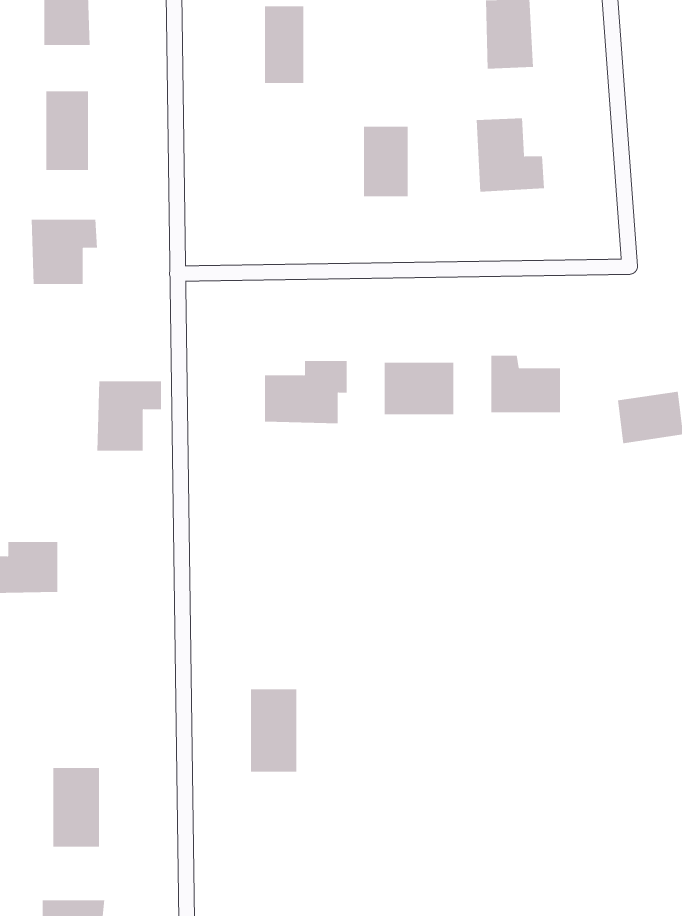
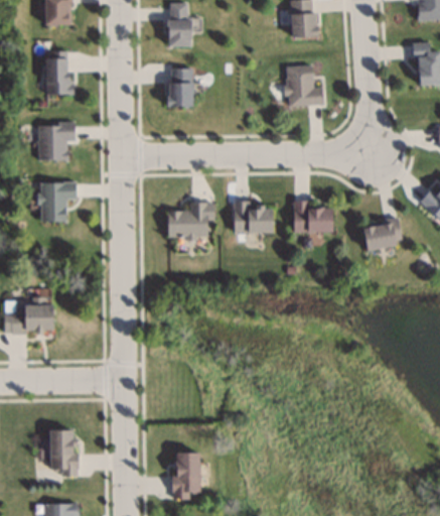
building: [363,126,408,197] -> [168,70,193,109]
building: [97,381,162,451] -> [40,182,77,222]
building: [250,689,297,772] -> [174,452,200,498]

